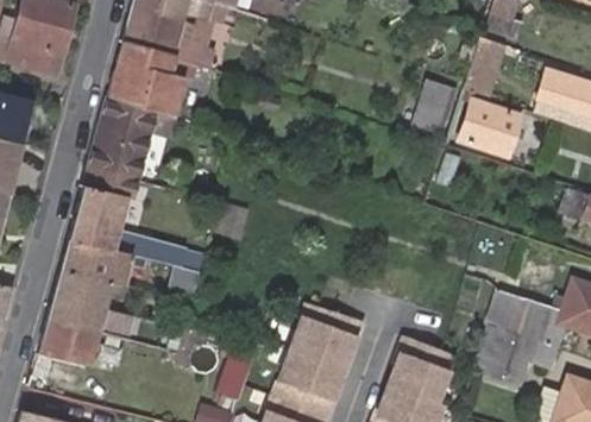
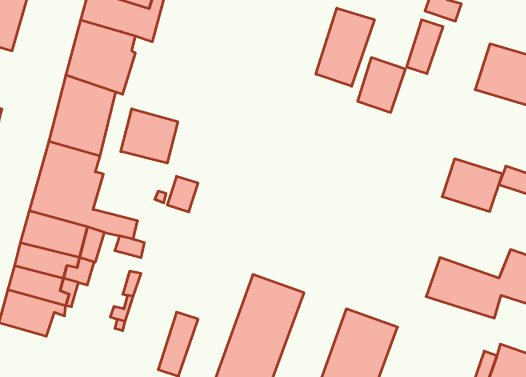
building: none -> [316,8,374,86]
building: [460,100,523,155] -> [442,159,503,211]
building: none -> [121,109,178,163]
building: [471,327,557,384] -> none

